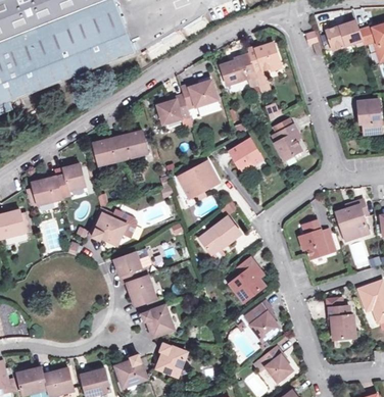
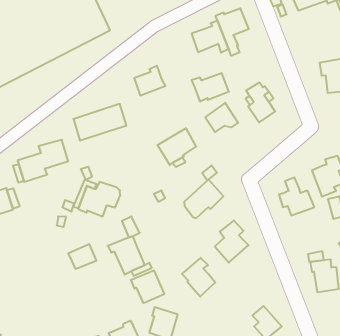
building: [180,81,218,108] -> [191,73,229,101]
building: [113,251,142,276] -> [68,244,96,269]
building: [245,301,279,341] -> [182,258,215,297]

